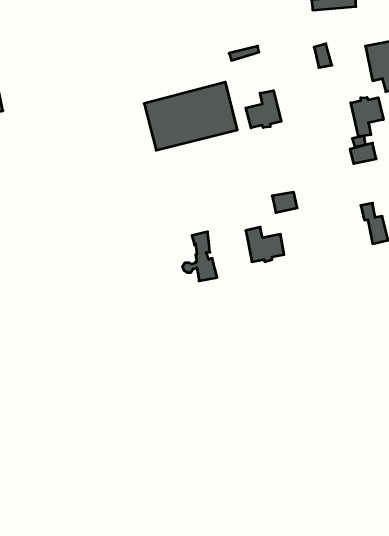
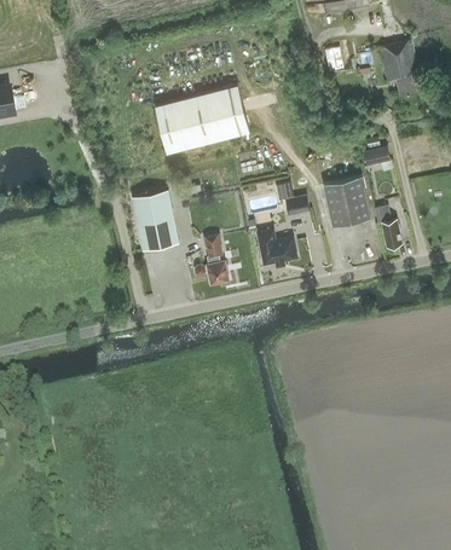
building: [246,91,281,128] -> none
building: [351,97,383,137] -> none
building: none -> [324,176,371,227]
building: none -> [132,190,180,251]

